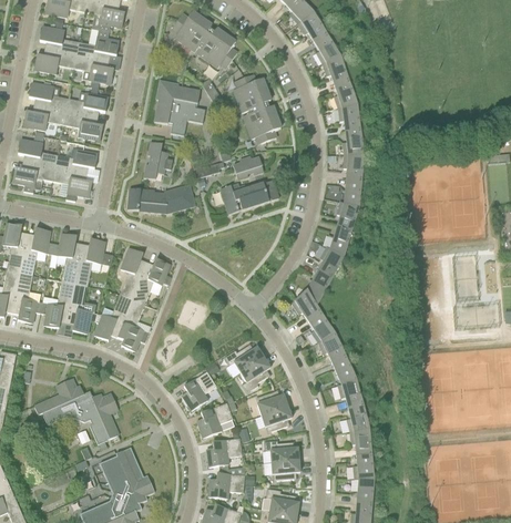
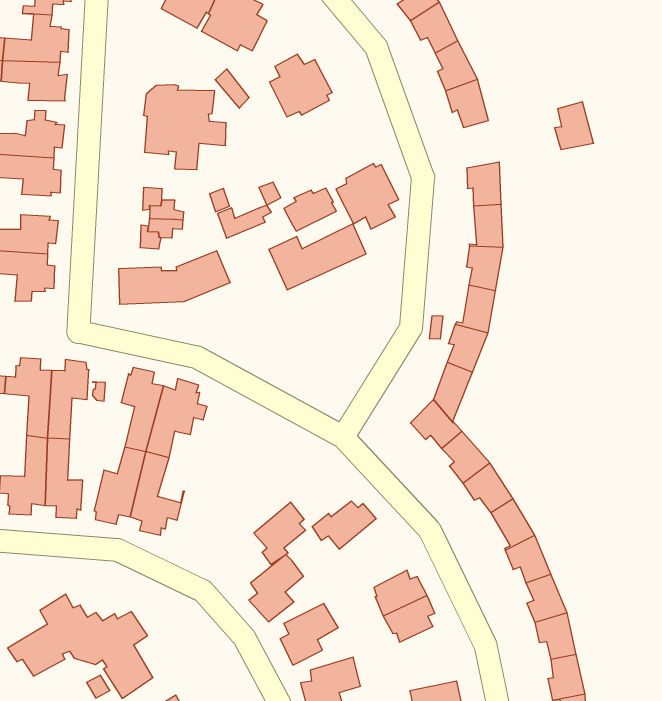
building: [244,104,280,143] -> [336,164,399,229]
building: [343,129,365,155] -> [554,102,594,149]
building: [239,357,270,392] -> [254,502,306,564]
building: [265,441,299,462] -> none

